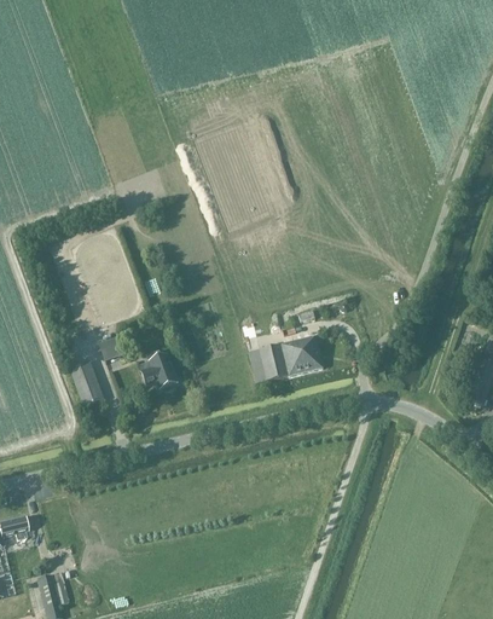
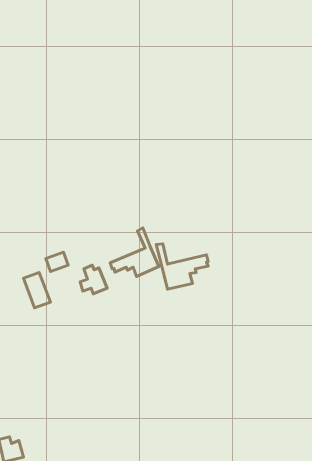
building: none -> [110,228,159,276]
building: [286,335,324,375] -> none

